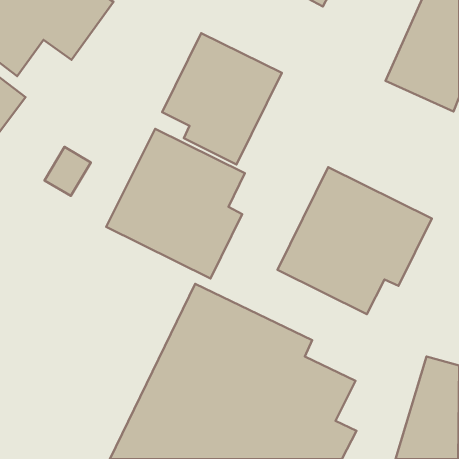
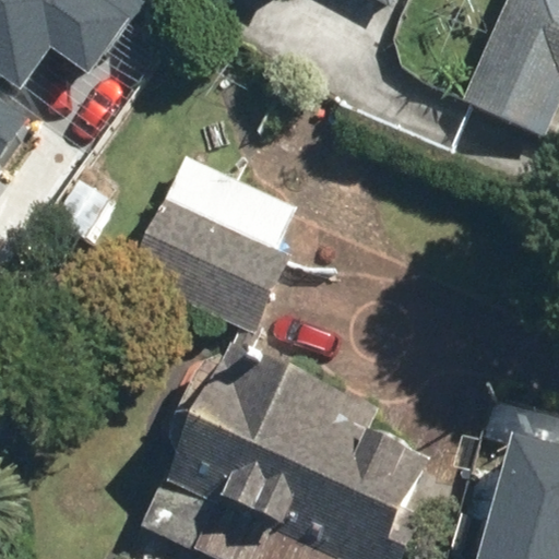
building: [162,33,282,165] -> none
building: [278,167,432,314] -> none

